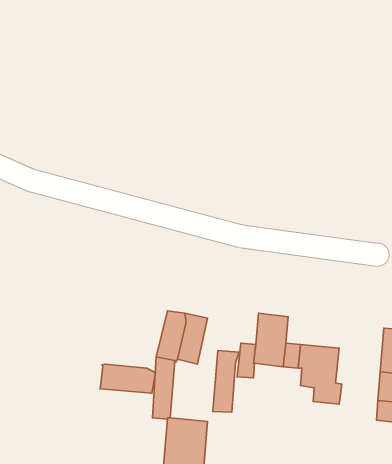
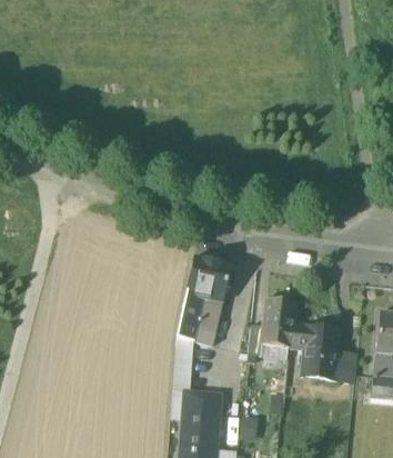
building: none -> [187,257,232,302]
building: [213,351,239,412] -> none
building: [100,364,155,393] -> none

